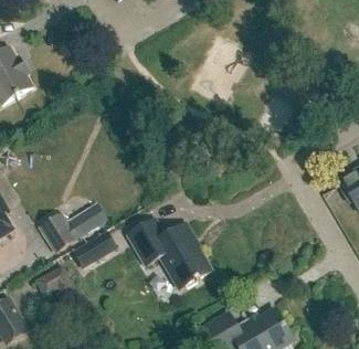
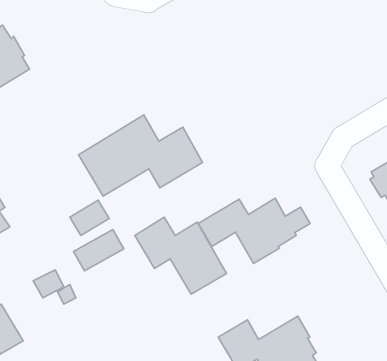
building: none -> [78,115,203,196]
building: none -> [198,198,310,263]
building: [39,211,78,252] -> none

